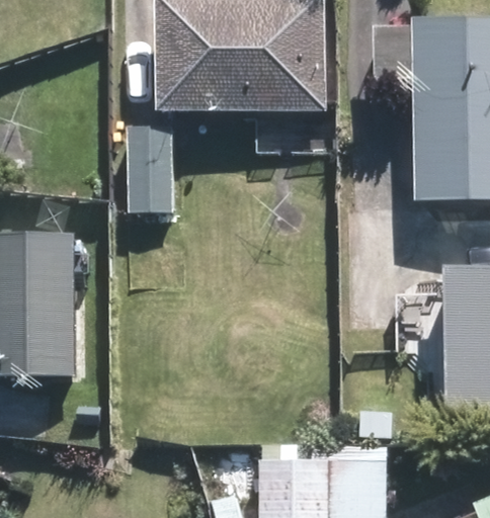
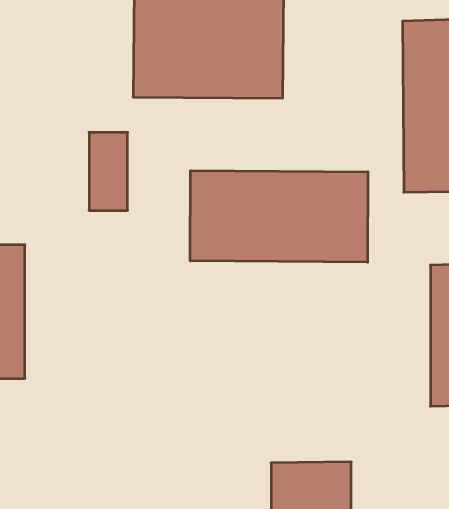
building: none -> [190,171,368,262]

